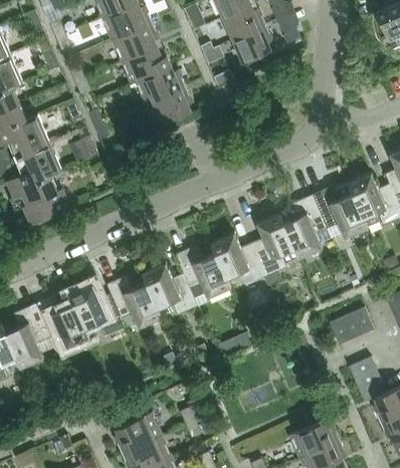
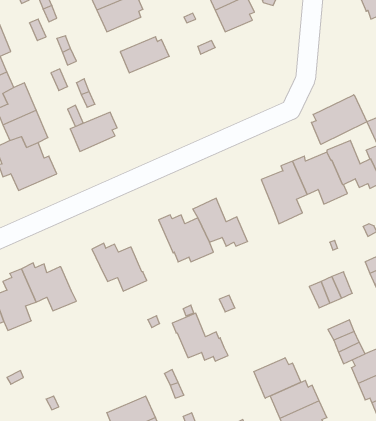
building: [122,46,172,84] -> none
building: [145,86,193,127] -> [70,112,117,151]
building: none -> [311,95,367,144]
building: [255,213,294,276] -> none
building: [142,262,199,311] -> [172,313,228,361]
building: [69,282,126,331] -> none
building: none -> [254,358,301,398]
building: [115,412,162,452] -> none

